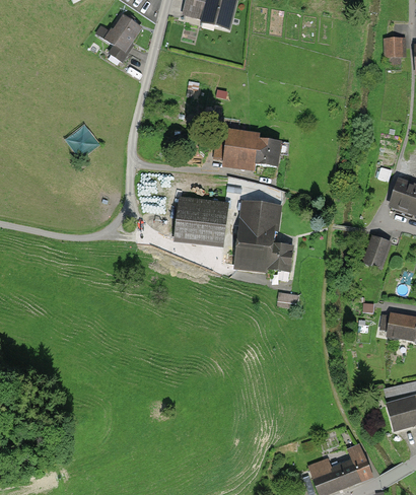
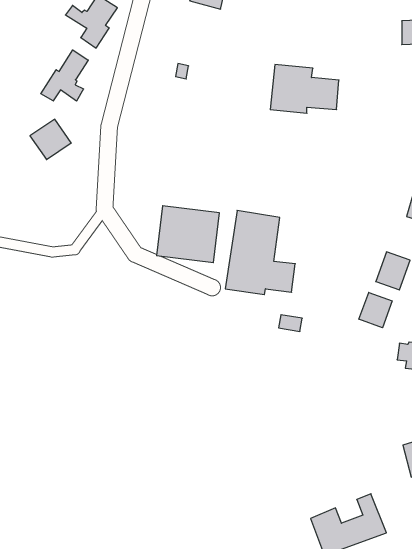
building: none -> [41,50,88,101]
building: [222,128,281,169] -> [270,65,339,113]
building: none -> [359,292,392,328]

